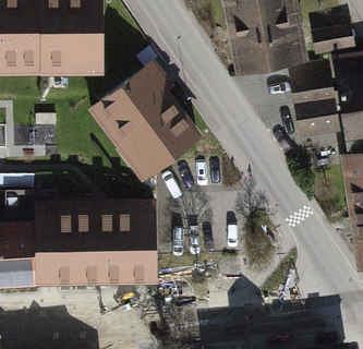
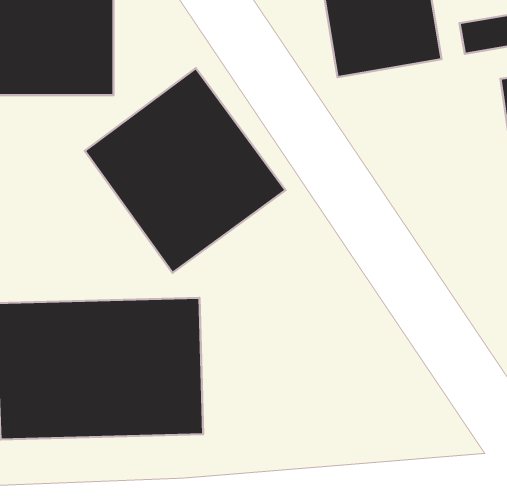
building: [293,71,338,133] -> none

